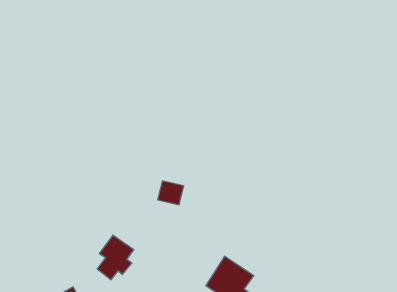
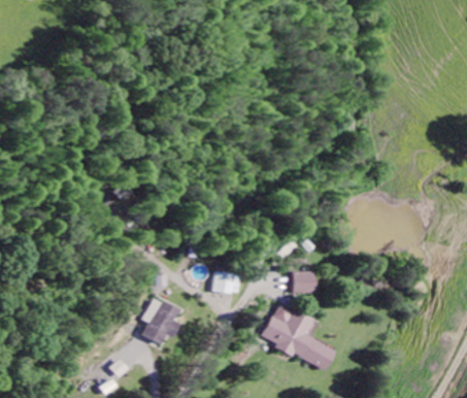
building: [158,181,184,205] -> [213,271,239,294]
building: none -> [293,270,314,292]

